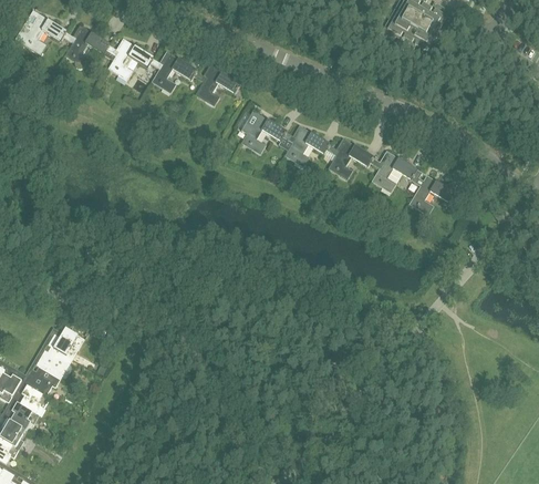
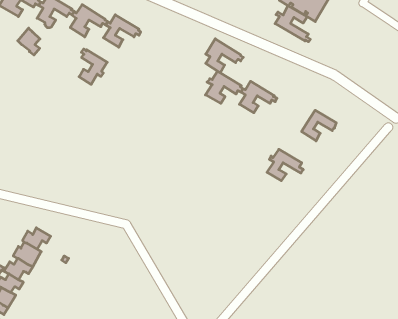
building: none -> [275,6,310,42]
building: [195,63,240,105] -> none
building: none -> [18,28,40,55]
building: none -> [79,49,107,84]
building: [240,109,289,153] -> [206,39,243,73]
building: [371,150,418,190] -> [267,149,303,181]

